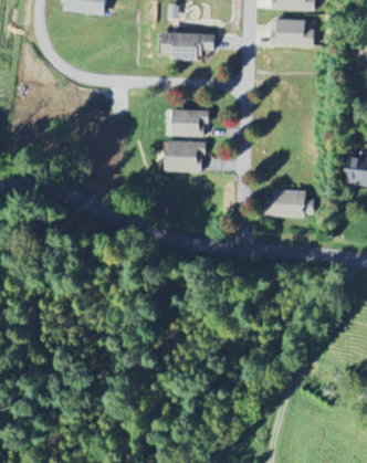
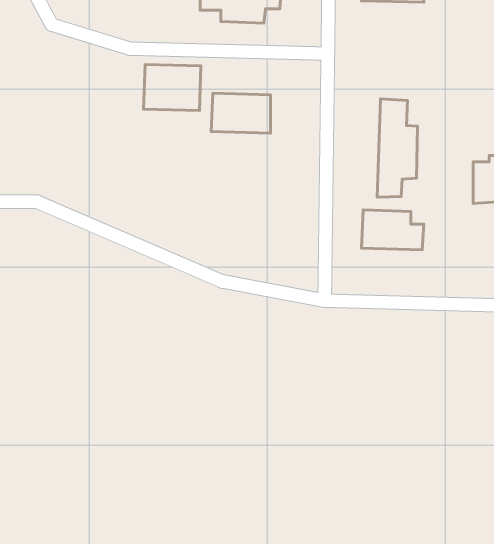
building: none -> [377,99,418,197]
building: [166,140,206,172] -> [143,64,201,111]

